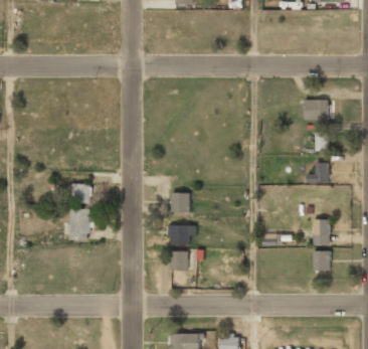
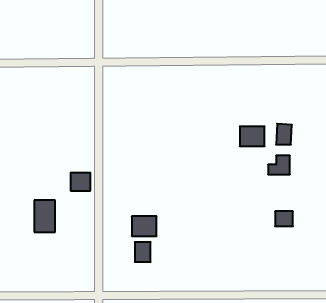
building: [304,100,329,120] -> [240,126,265,146]
building: [71,185,91,203] -> [71,173,90,191]
building: [171,193,190,213] -> none
building: [313,251,331,272] -> none

